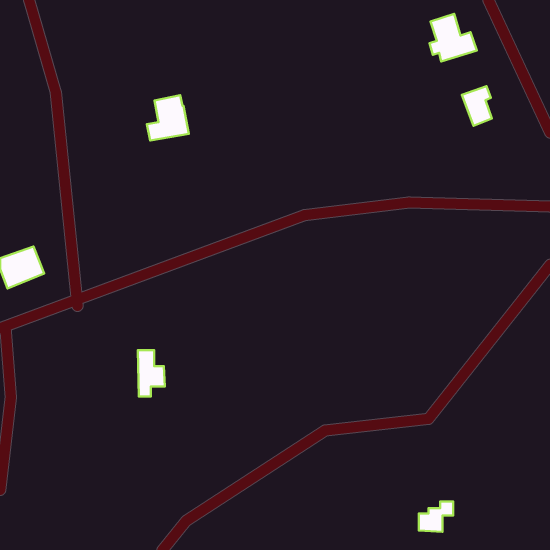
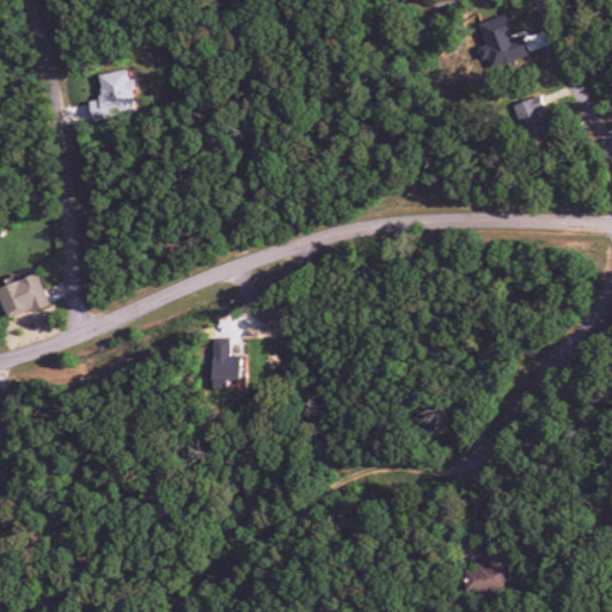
building: [147,95,189,140] -> [90,69,136,120]
building: [138,350,165,396] -> [213,338,243,390]

